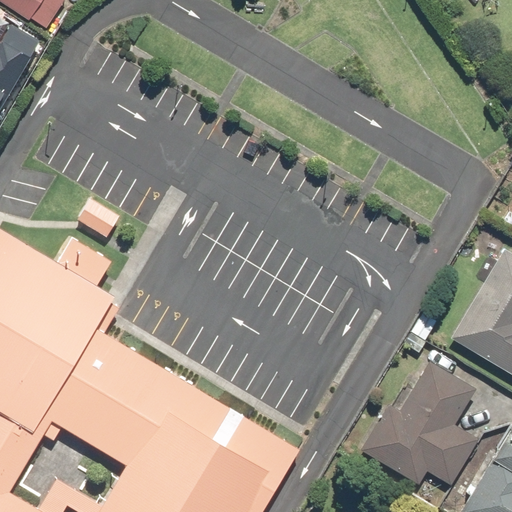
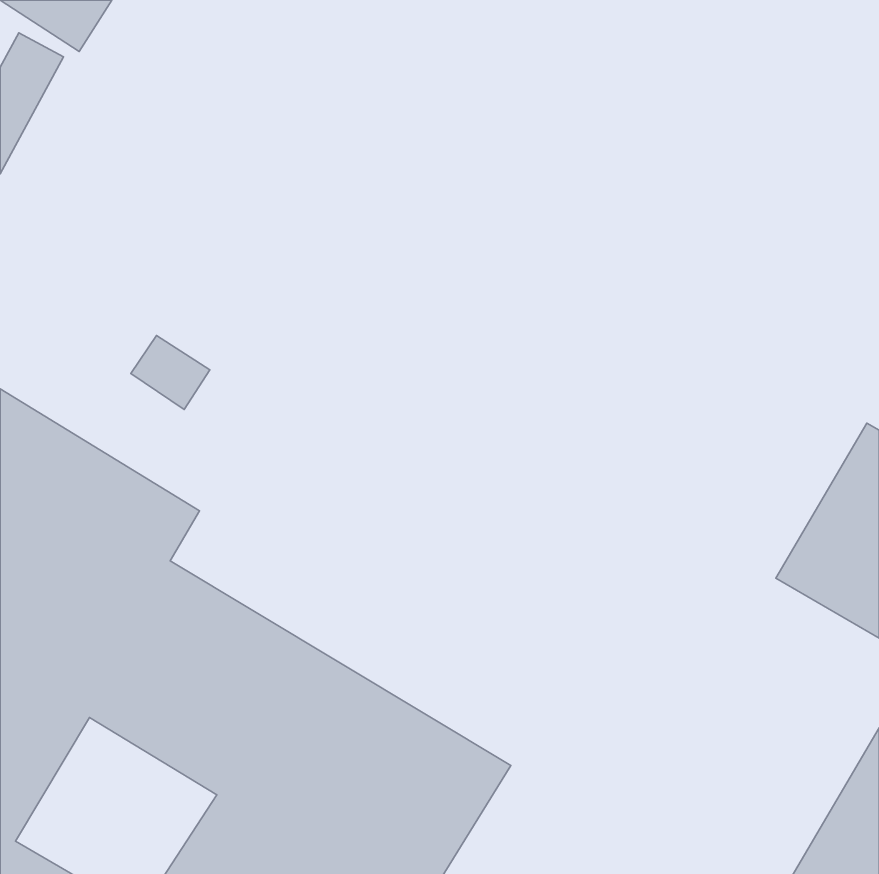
building: [360,361,479,488] -> none

